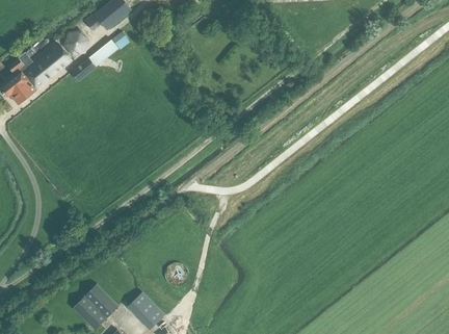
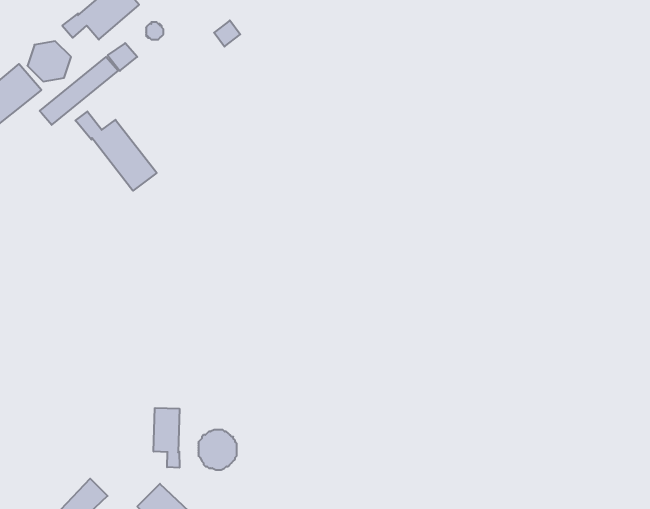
building: none -> [75,111,157,191]
building: none -> [154,408,179,468]

